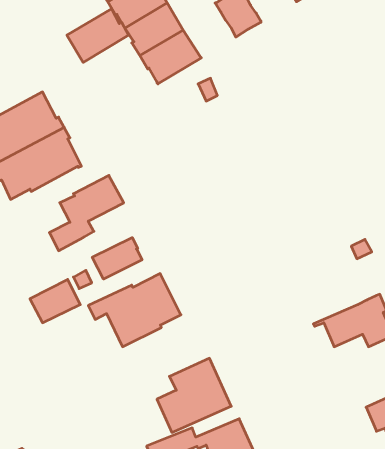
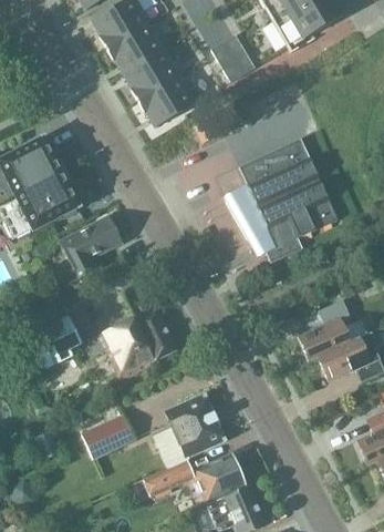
building: [67,9,129,62] -> none
building: none -> [224,137,336,263]
building: [92,238,142,279] -> none
building: none -> [294,299,366,359]
building: none -> [82,413,134,458]

